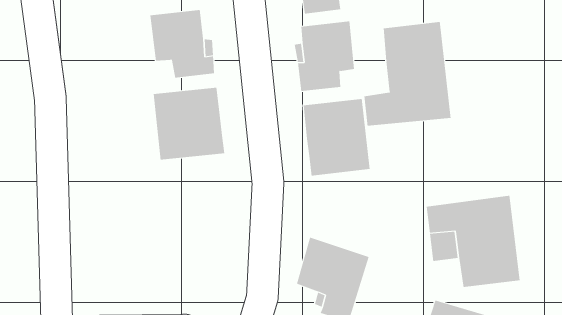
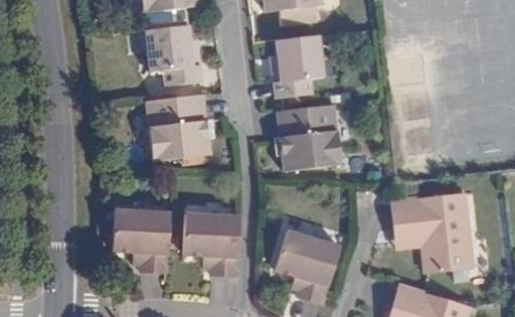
building: [364,21,451,127] -> none
building: none -> [112,208,171,273]
building: none -> [183,211,241,277]

